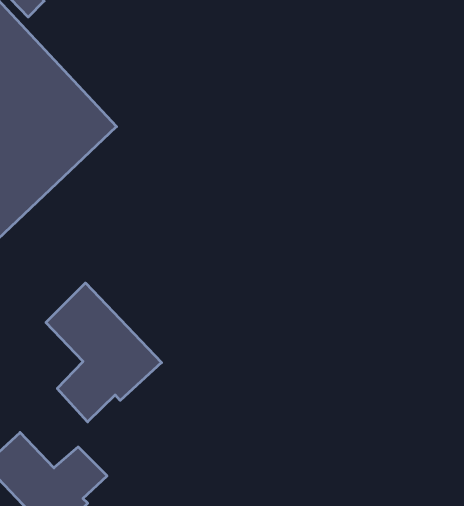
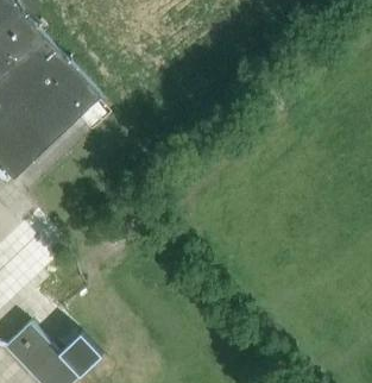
building: [46,283,162,422] -> none

